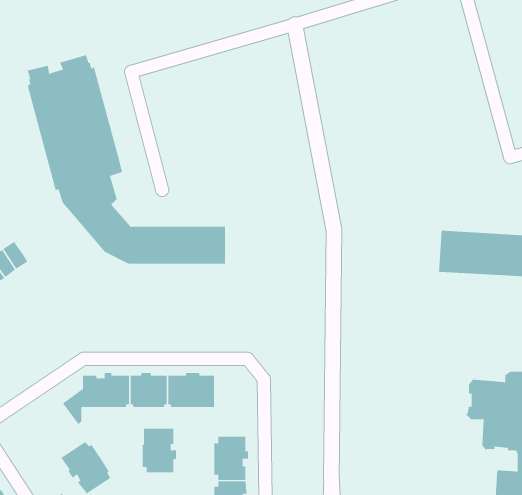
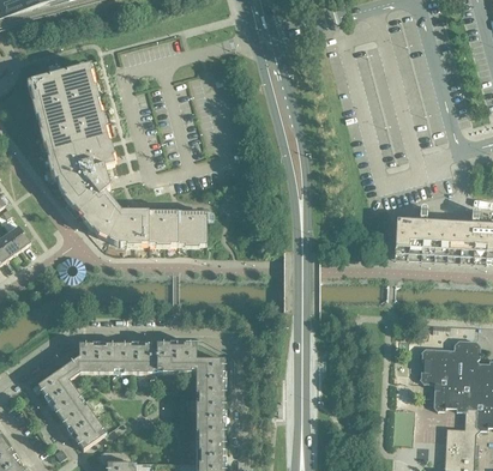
building: none -> [38,368,82,416]
building: [142,428,177,473] -> [196,357,227,397]

